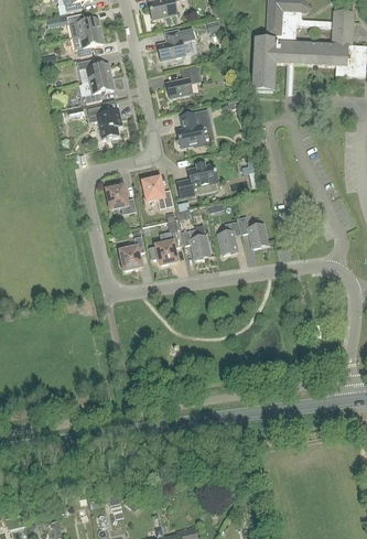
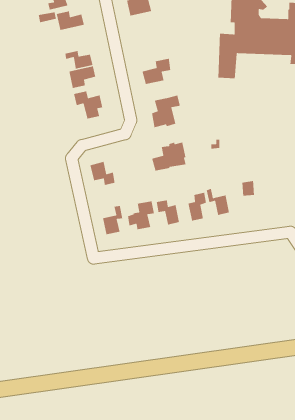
building: [159,28,194,58] -> none
building: [72,30,102,56] -> none
building: [142,177,173,208] -> none

